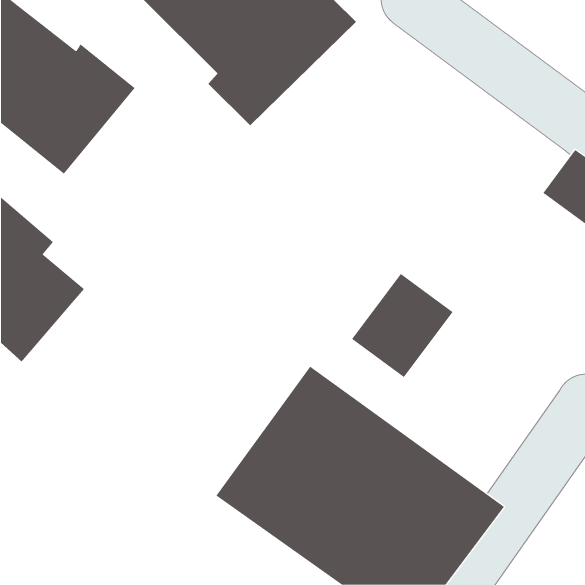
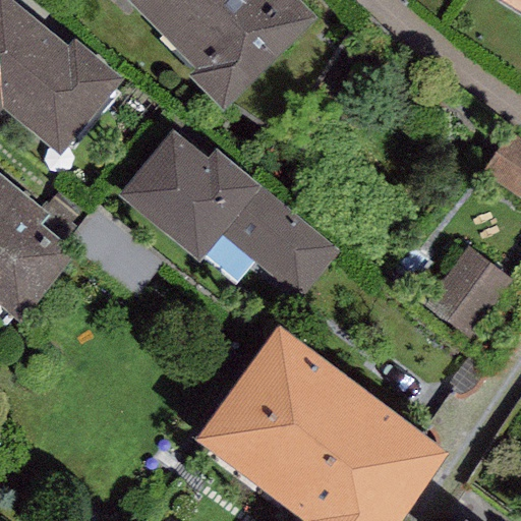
building: none -> [118,128,340,300]
building: [351,273,453,378] -> [422,245,513,338]

